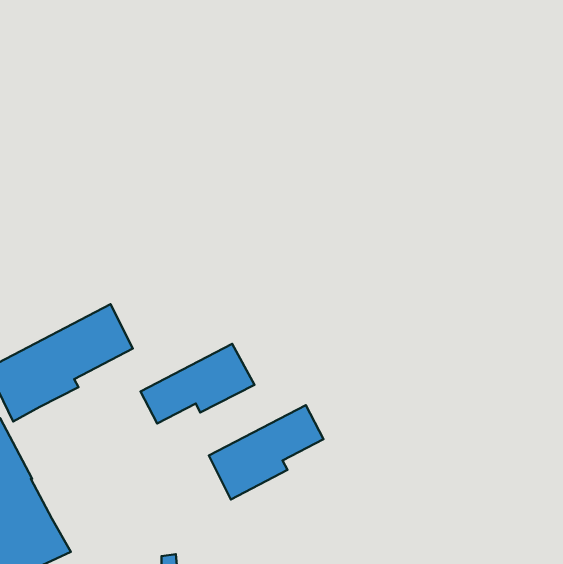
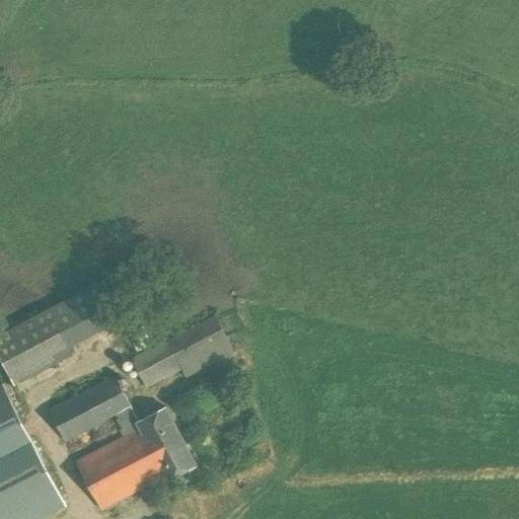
building: [209,405,323,500] -> none
building: none -> [47,376,194,510]

